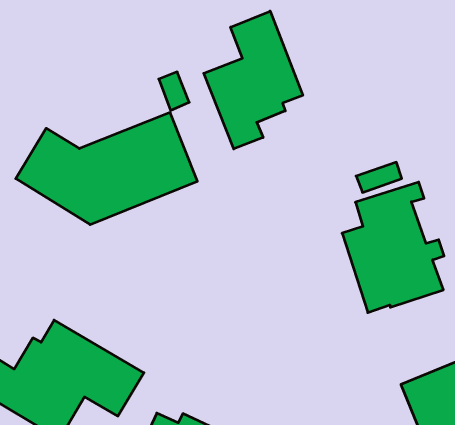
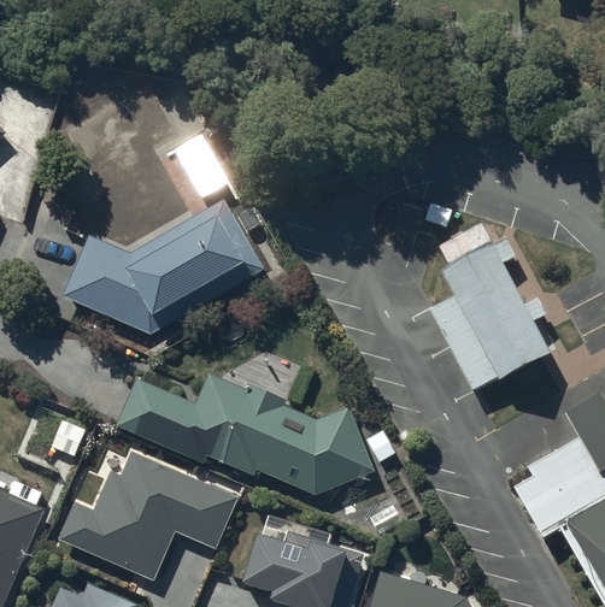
building: [204,11,303,149] -> none
building: none -> [112,371,375,494]

